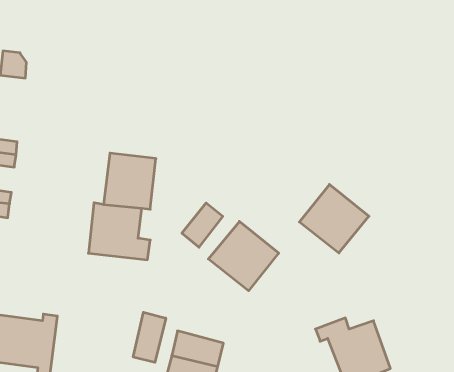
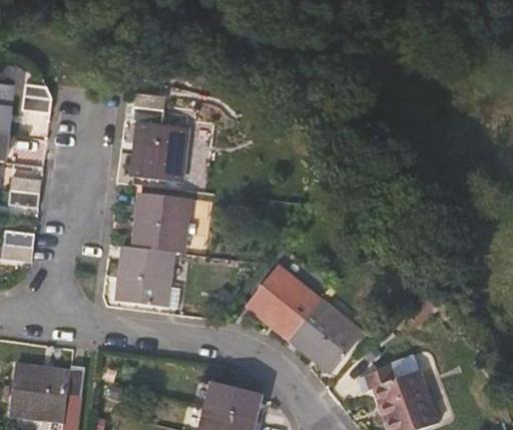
building: none -> [127,105,188,180]
building: [299,184,369,253] -> [289,299,363,372]
building: [182,203,223,247] -> none
building: [133,312,166,362] -> none

